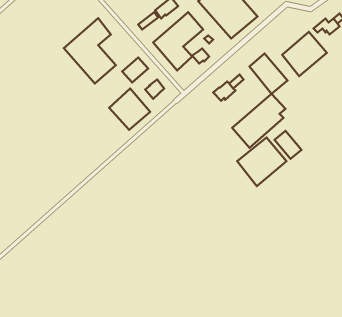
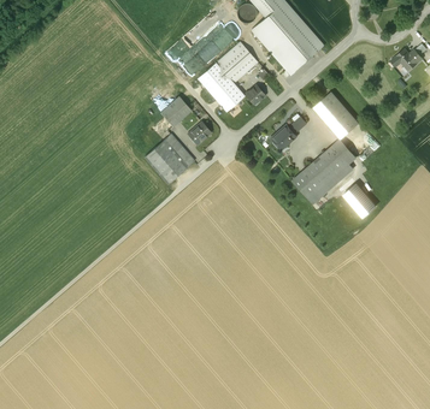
building: [64,18,116,83] -> none
building: [282,32,327,76] -> none
building: [237,137,287,186] -> none

